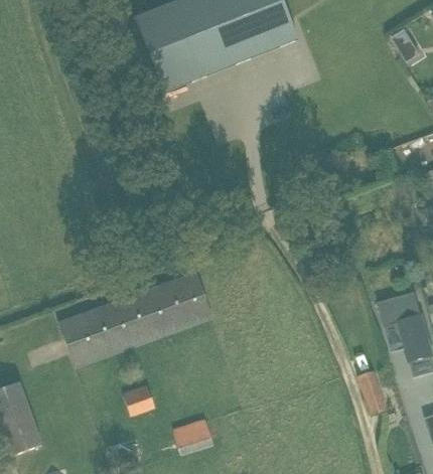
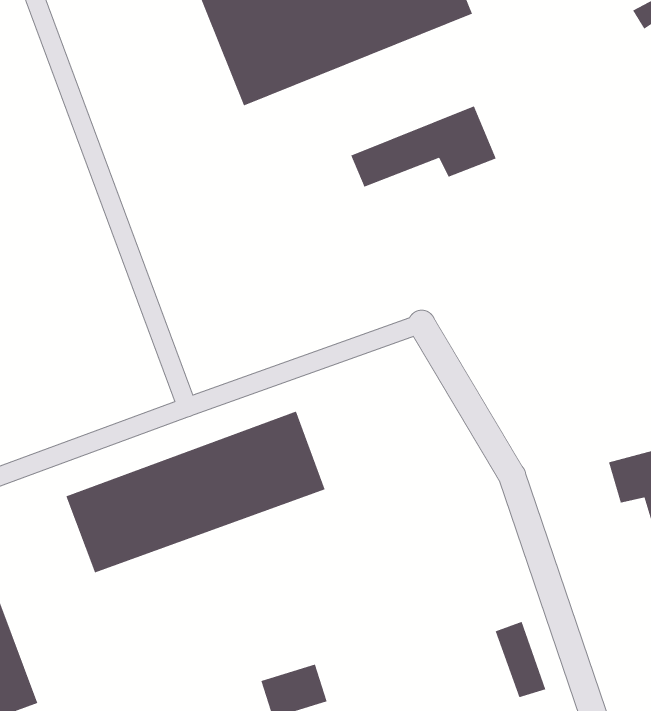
building: none -> [351,105,497,187]
building: [356,369,387,415] -> [495,621,546,698]
building: [123,384,154,413] -> none

